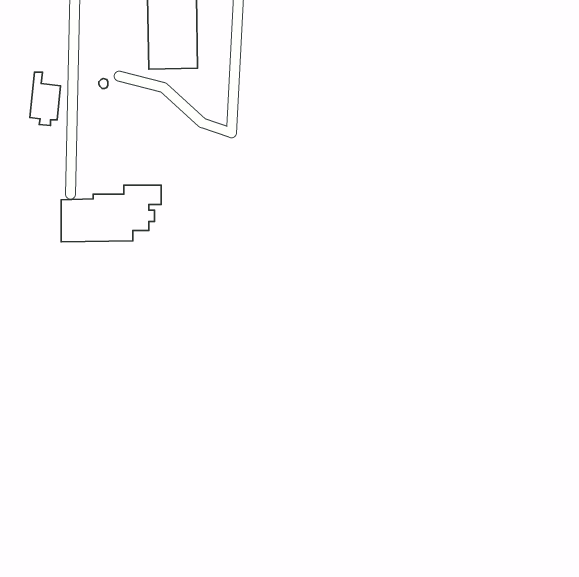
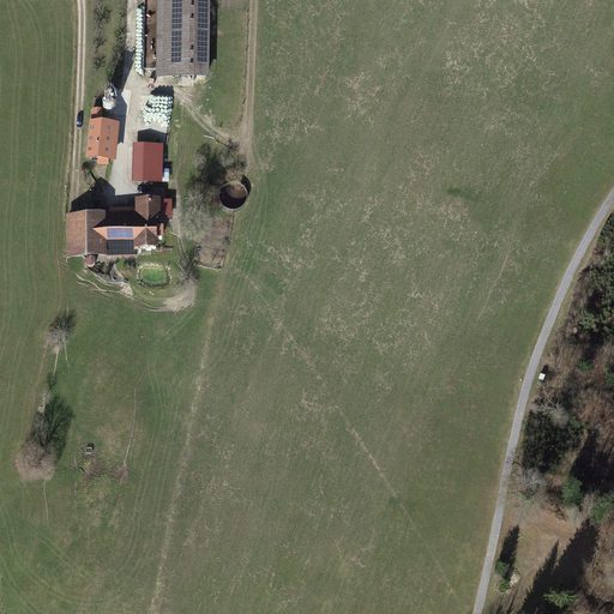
building: [30,72,61,126] -> [86,106,119,162]
building: none -> [132,140,162,181]

